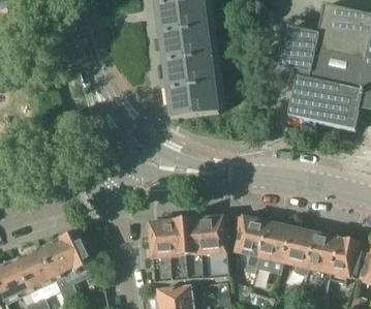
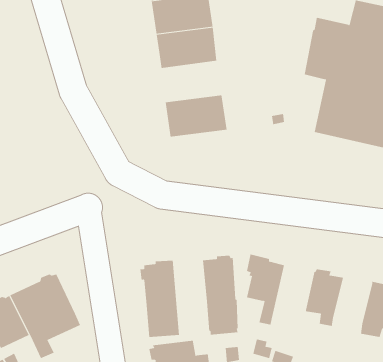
building: [164,55,215,89] -> none
building: [175,217,204,281] -> none
building: [257,221,290,273] -> none
building: [301,231,338,298] -> none

